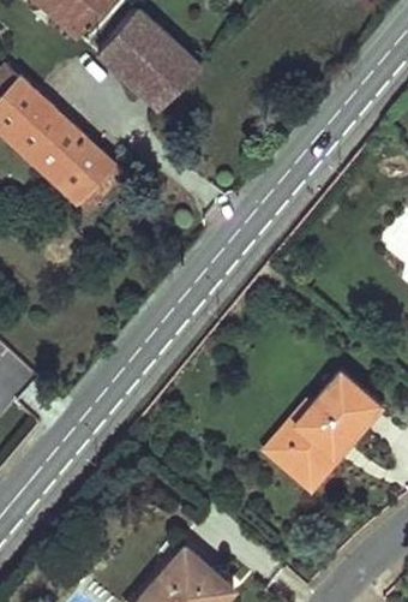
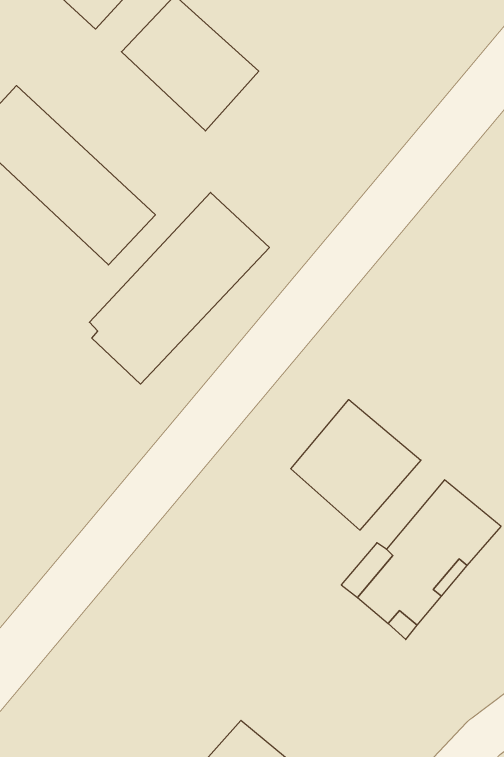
building: none -> [89,192,269,384]
building: none -> [291,400,421,530]

